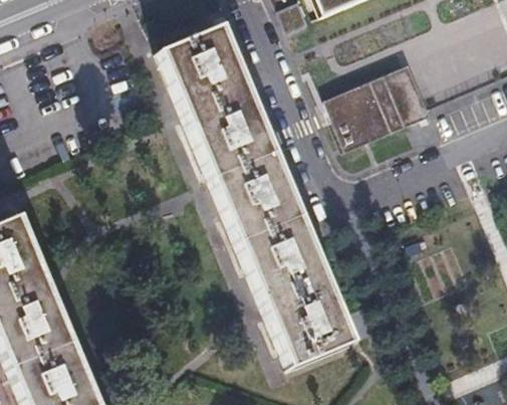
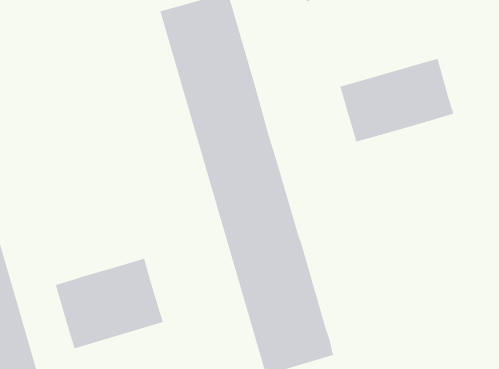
building: none -> [55,258,163,349]

